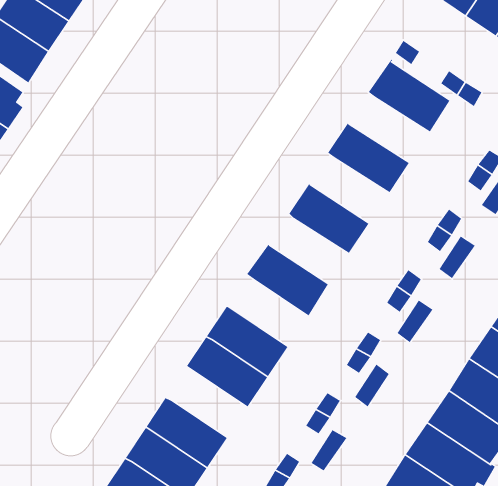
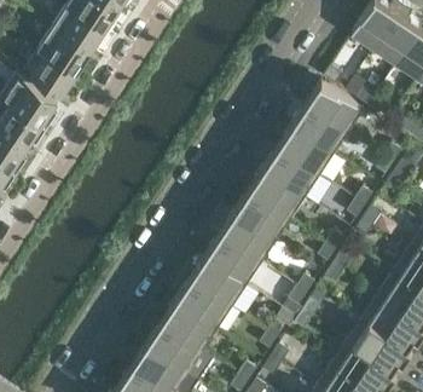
building: none -> [289,103,348,154]
building: none -> [261,146,319,197]
building: none -> [232,190,290,241]
building: none -> [202,234,261,286]
building: none -> [158,300,218,351]

